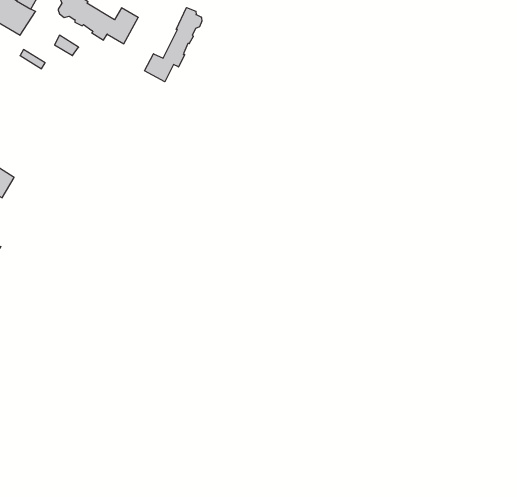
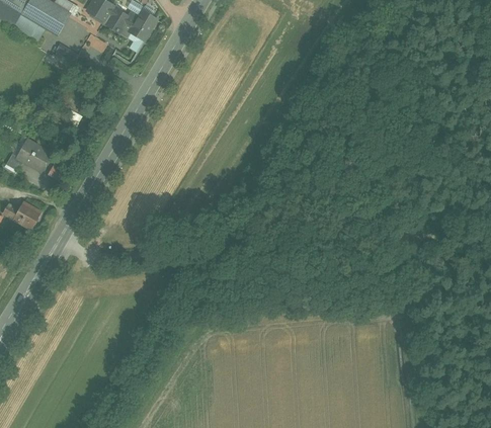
building: [145,8,202,82] -> none

